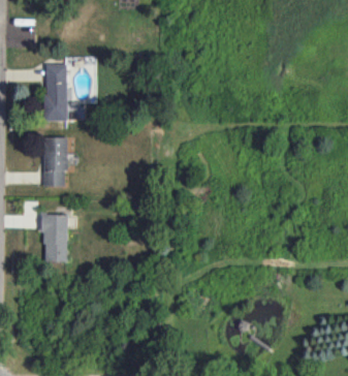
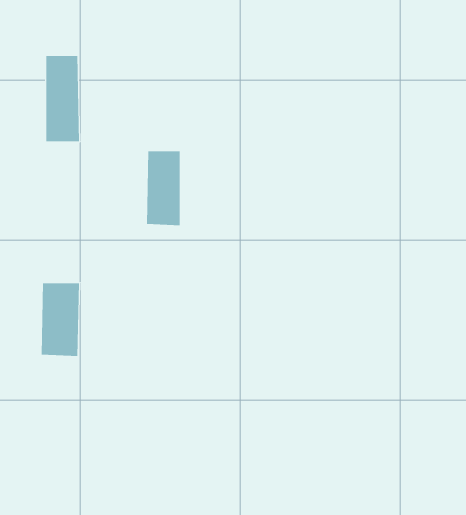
building: [43,137,66,187] -> [146,151,181,226]

